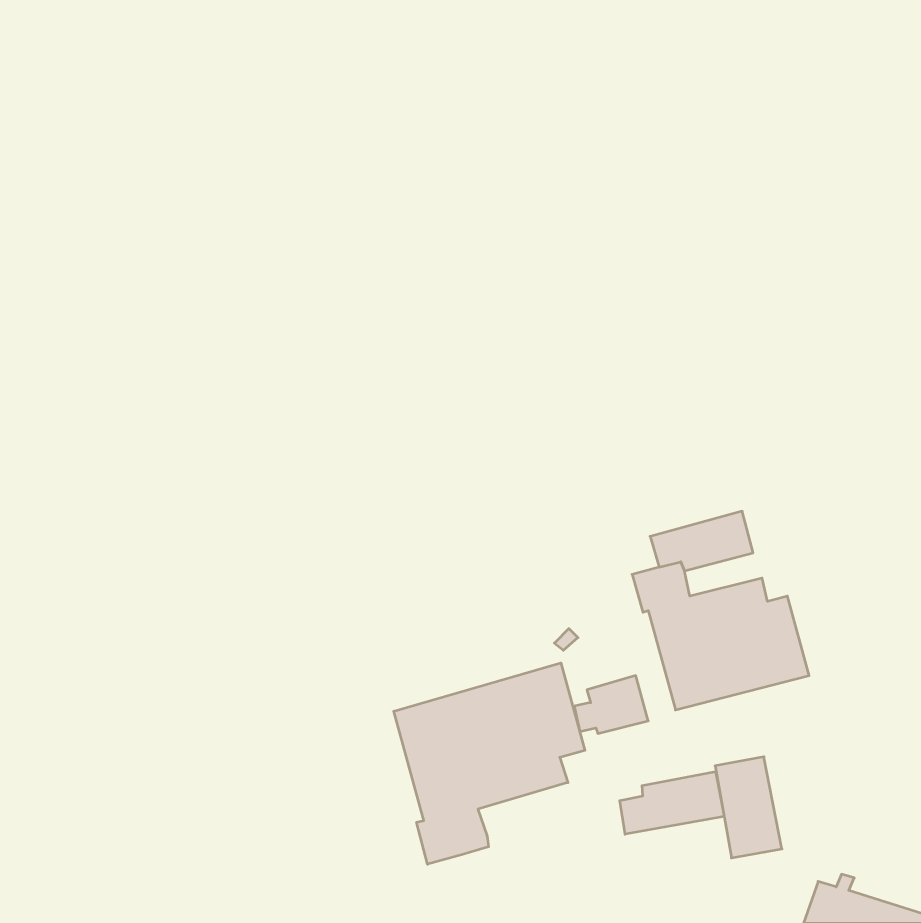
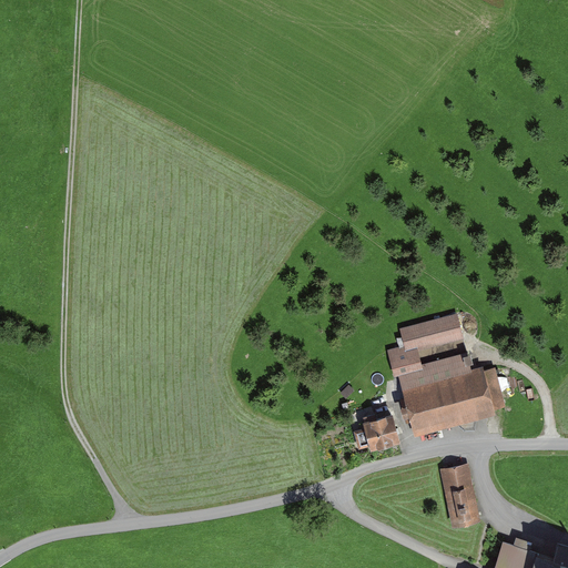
building: [394,663,585,864] -> none
building: [620,772,724,834] -> none

